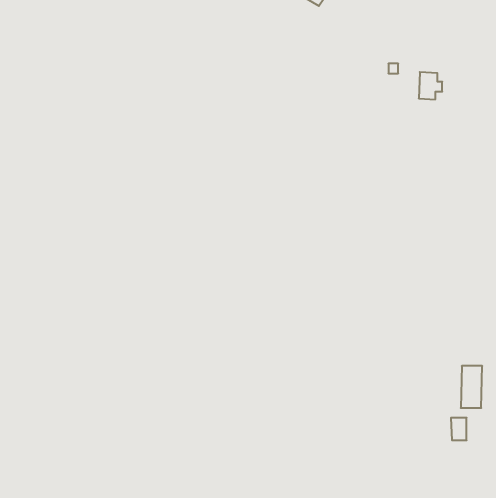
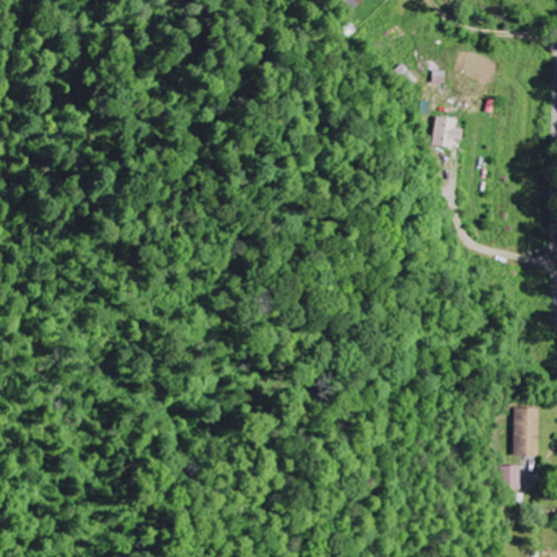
building: [419,72,442,99] -> [435,116,461,147]

